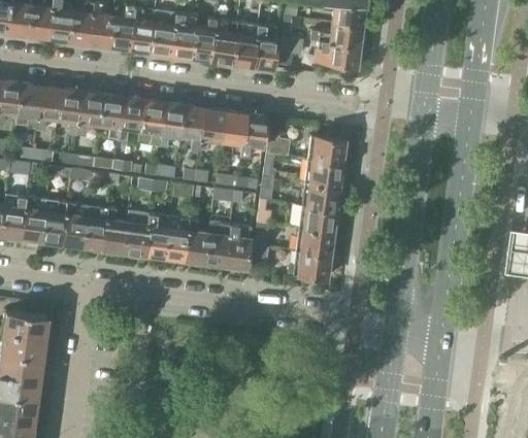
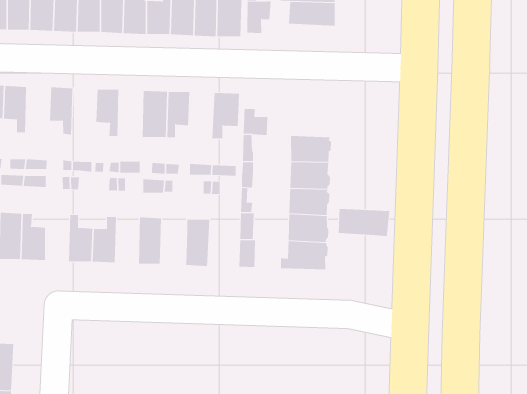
building: [76,93,102,134] -> none
building: [117,98,142,140] -> none
building: [157,103,183,147] -> none
building: [220,111,244,155] -> none
building: [307,136,345,164] -> none
building: [82,207,107,249] -> none
building: [143,214,168,258] -> none
building: [183,220,208,263] -> none
building: [224,225,251,268] -> none
building: none -> [338,208,390,237]

